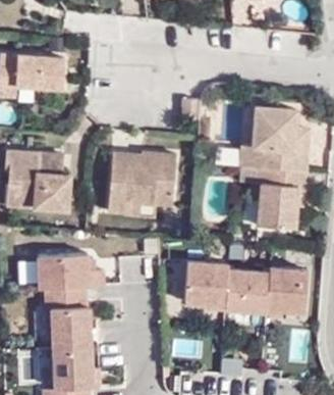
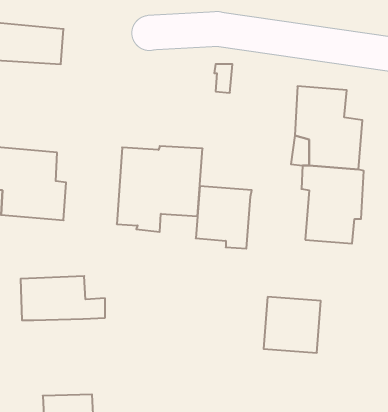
building: [184,260,228,309] -> [196,186,252,249]
building: [266,268,307,315] -> none
building: [44,286,90,346] -> none

